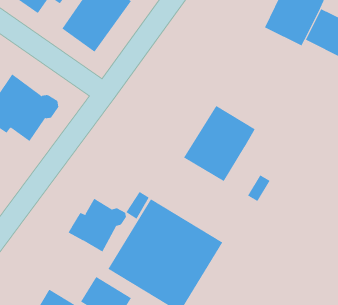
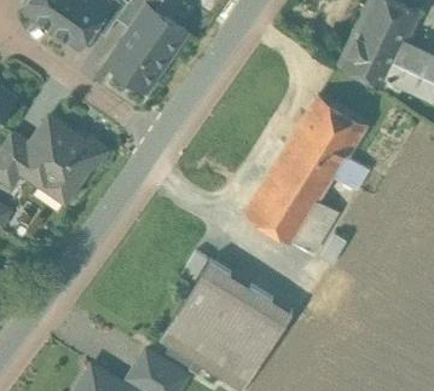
building: none -> [284,98,365,182]
building: none -> [294,202,337,253]
building: [68,198,127,252] -> none

